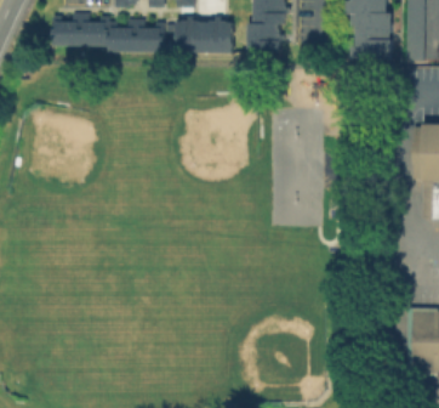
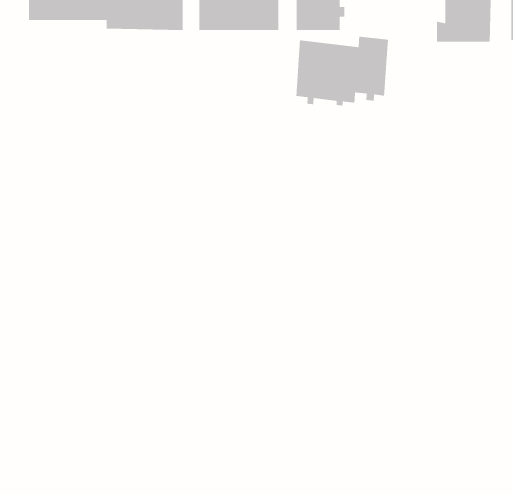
building: none -> [295,36,389,106]

